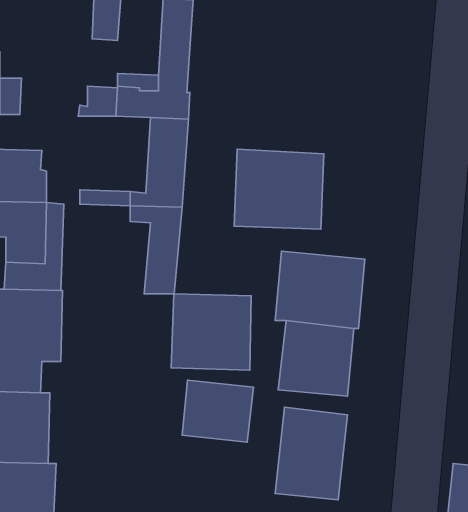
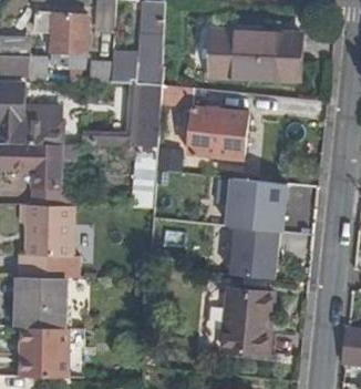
building: none -> [35,13,87,70]
building: none -> [210,30,301,80]
building: [171,294,251,370] -> none
building: [182,380,254,442] -> none

